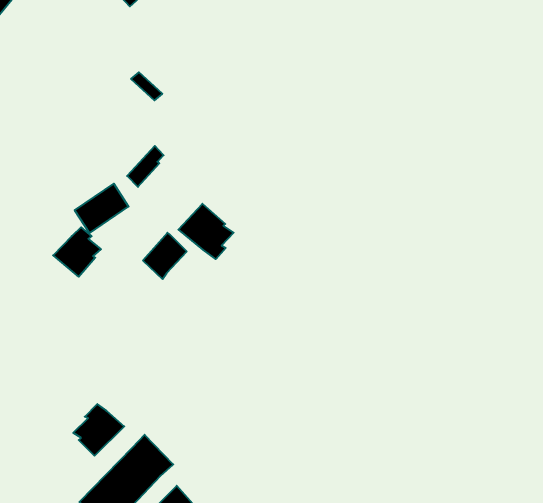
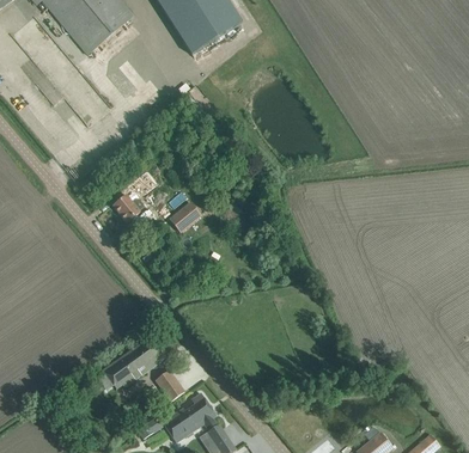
building: [178,204,234,259] -> none
building: [73,404,124,456] -> none

